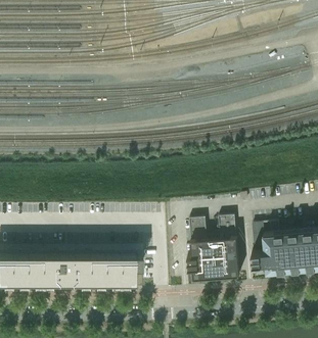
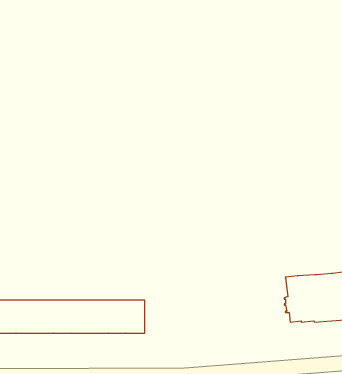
building: [188,214,240,280] -> none

